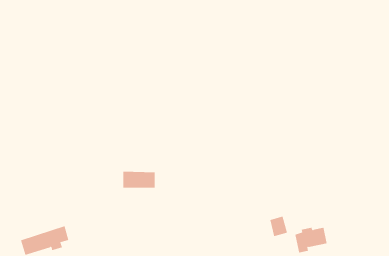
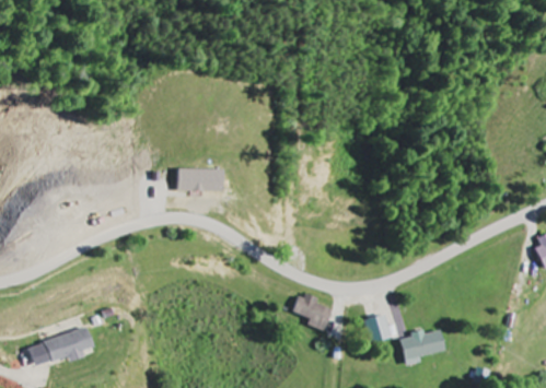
building: [123,171,156,188] -> [179,167,224,190]
building: none -> [292,292,329,329]

